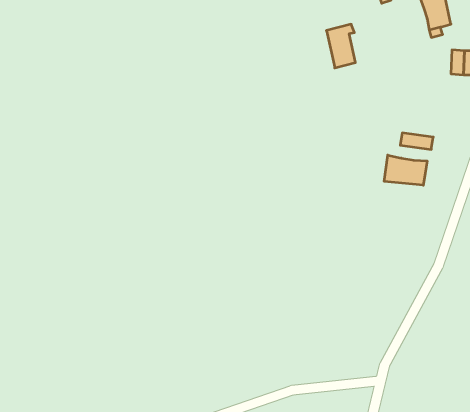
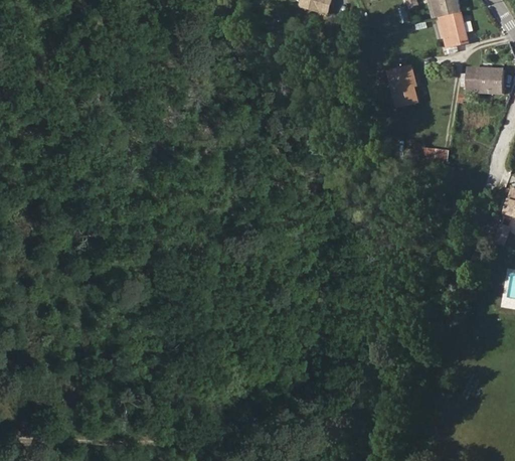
building: [326,24,355,68] -> [388,63,416,106]
building: [384,155,427,185] -> none

